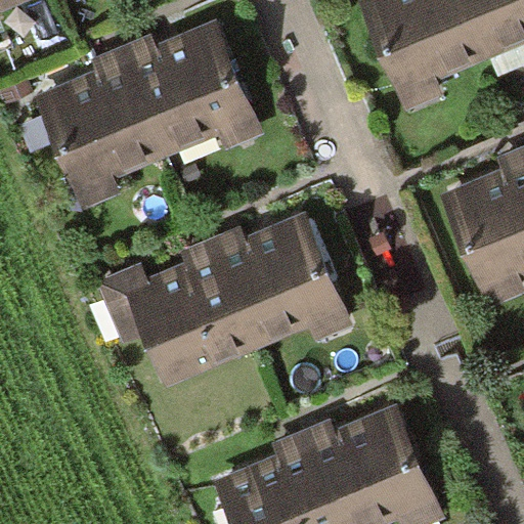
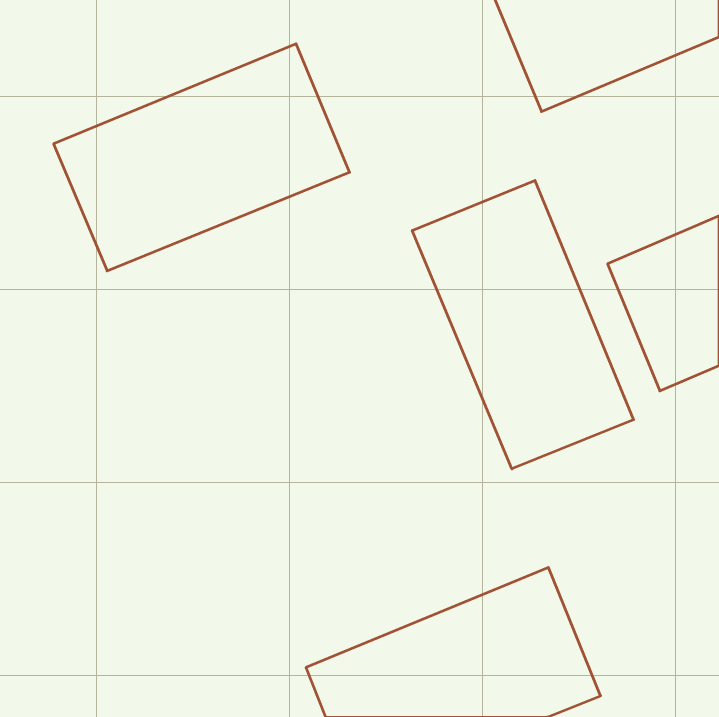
building: none -> [412,180,634,469]
building: [125,215,339,381] -> none

